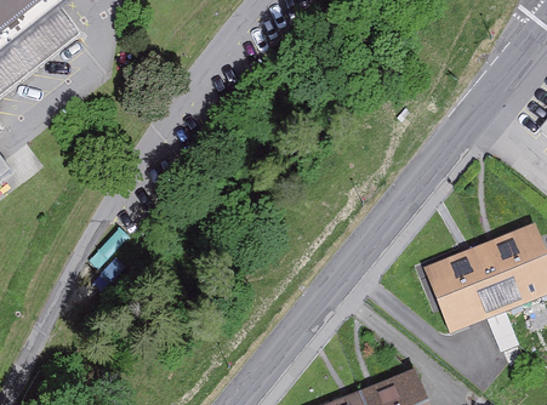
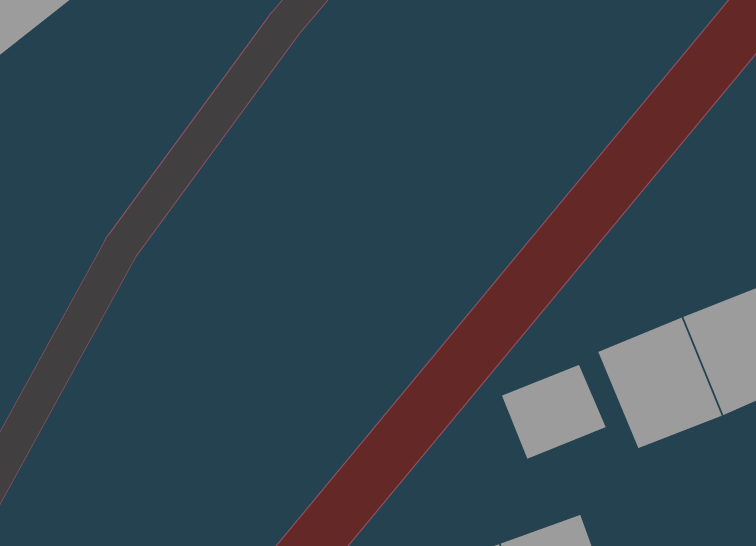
building: none -> [501,364,607,460]

